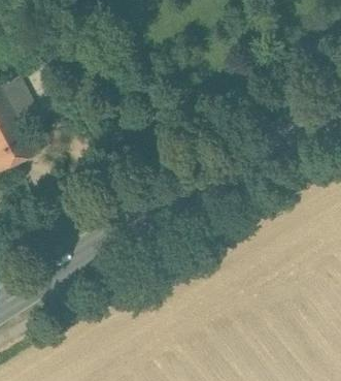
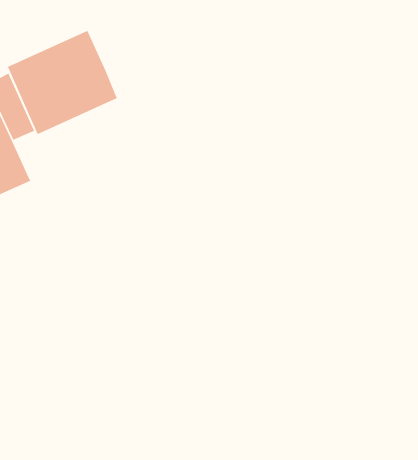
building: none -> [7,30,118,135]

